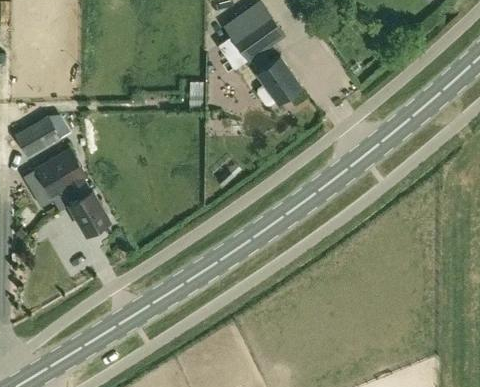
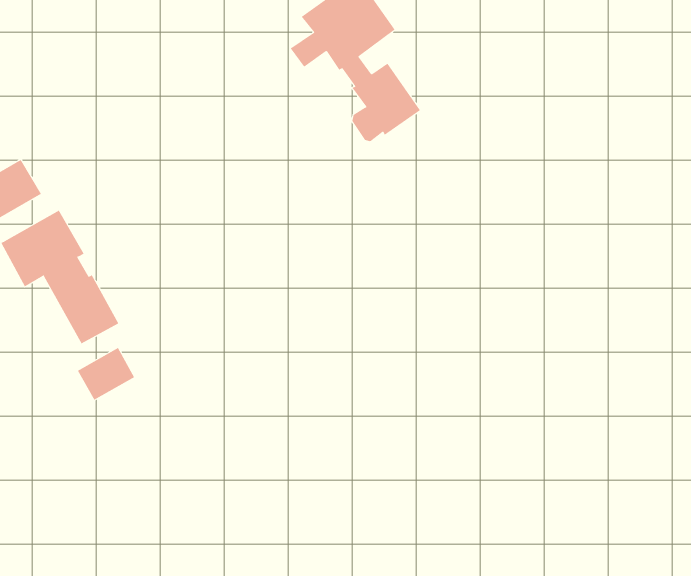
building: none -> [77,347,135,401]

